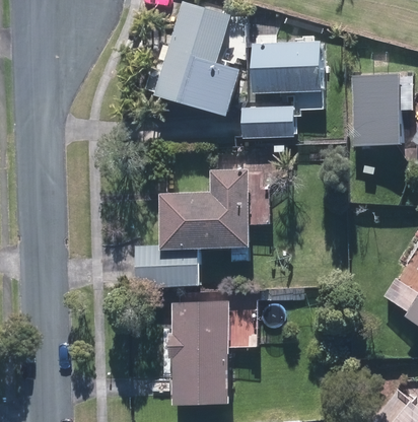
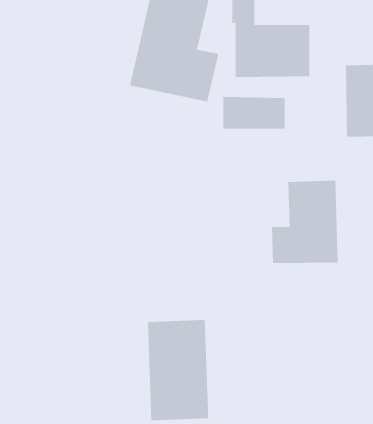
building: [137,166,249,285] -> none
building: none -> [271,180,338,264]

